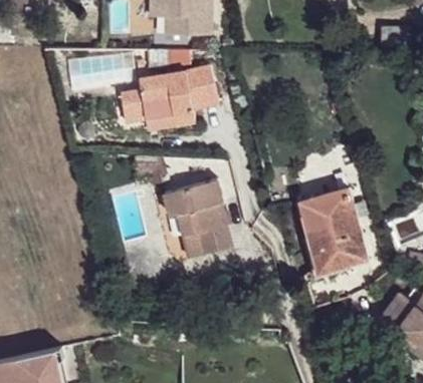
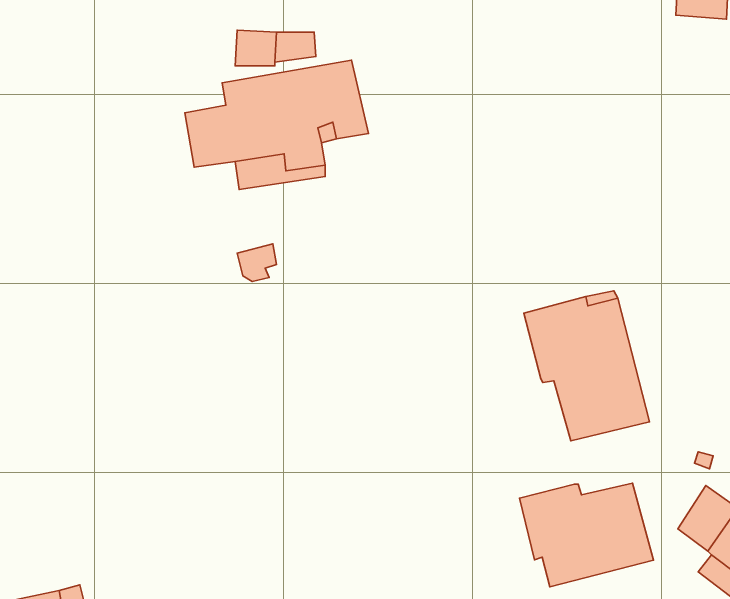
building: [162,176,229,254] -> none
building: none -> [520,483,654,587]

